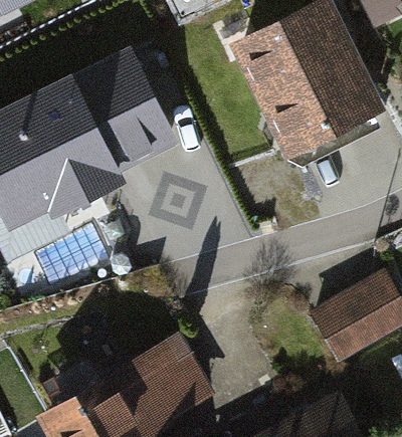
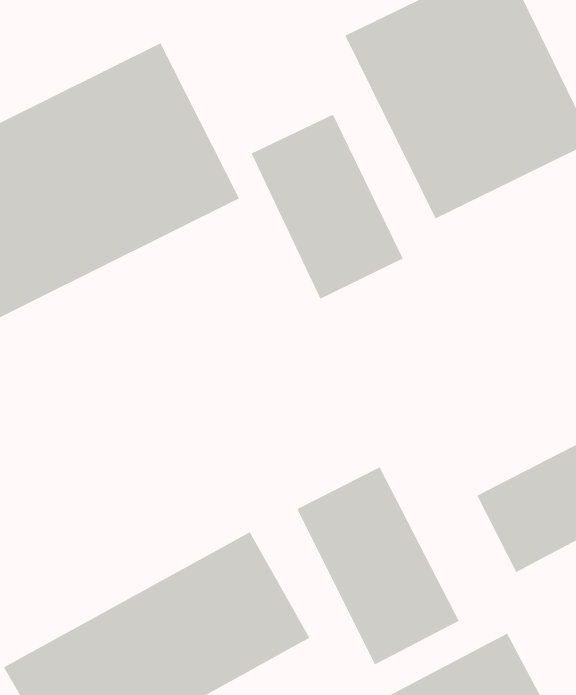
building: none -> [251,114,404,300]
building: none -> [296,467,459,665]

